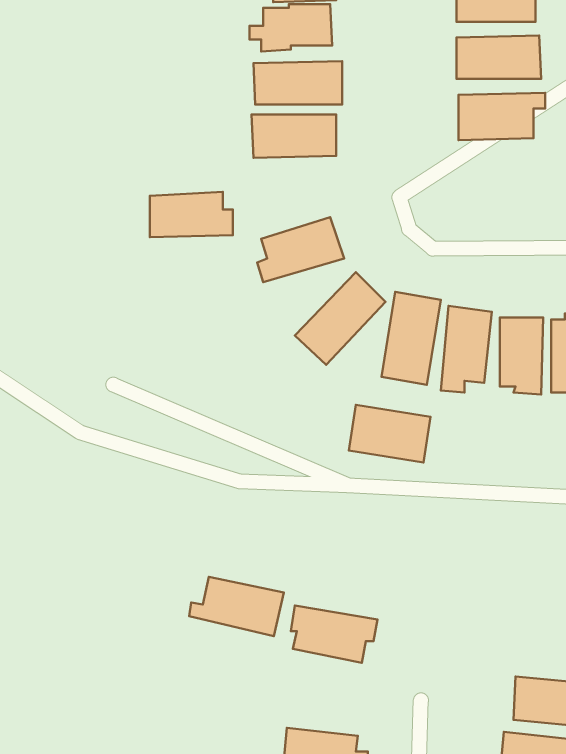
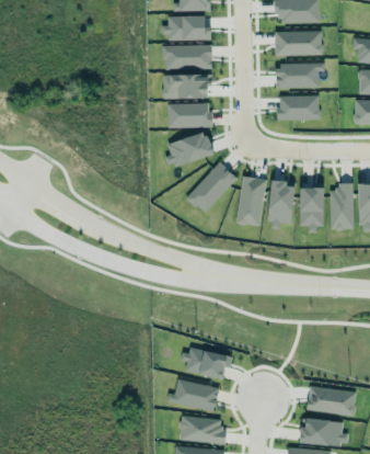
building: none -> [278,95,320,121]
building: [150,192,233,237] -> [166,102,212,127]
building: [349,405,431,463] -> none
building: [189,577,284,636] -> [167,379,220,412]

